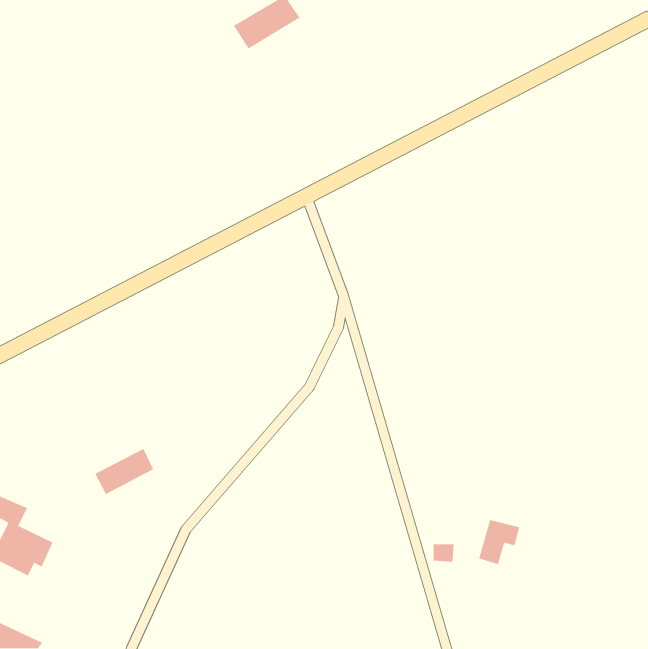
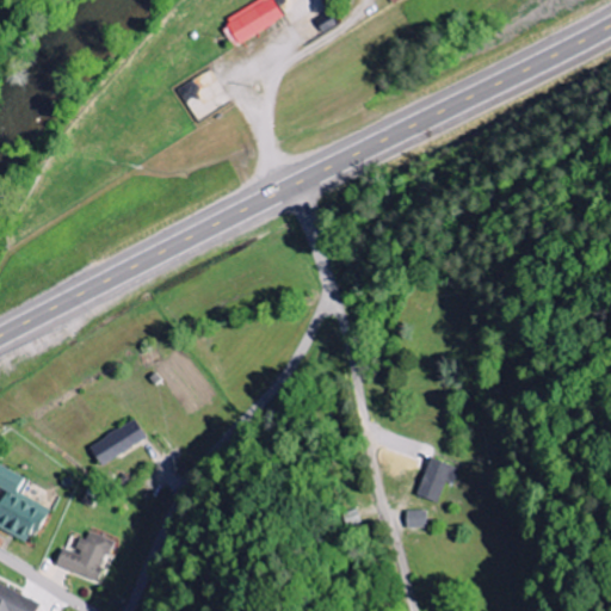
building: [478,519,520,565] -> [418,458,457,501]
building: none -> [56,531,111,580]

